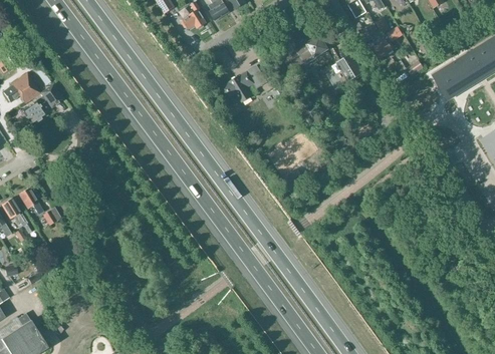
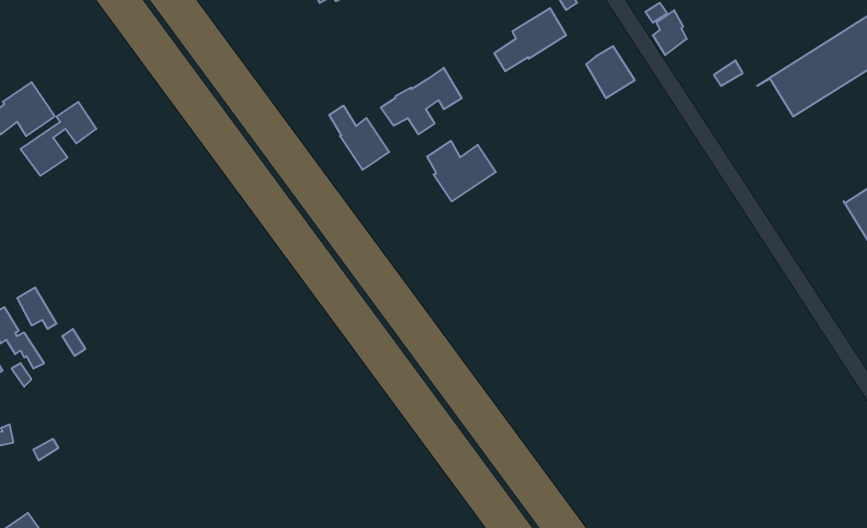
building: none -> [329,106,389,170]
building: none -> [427,141,496,201]

